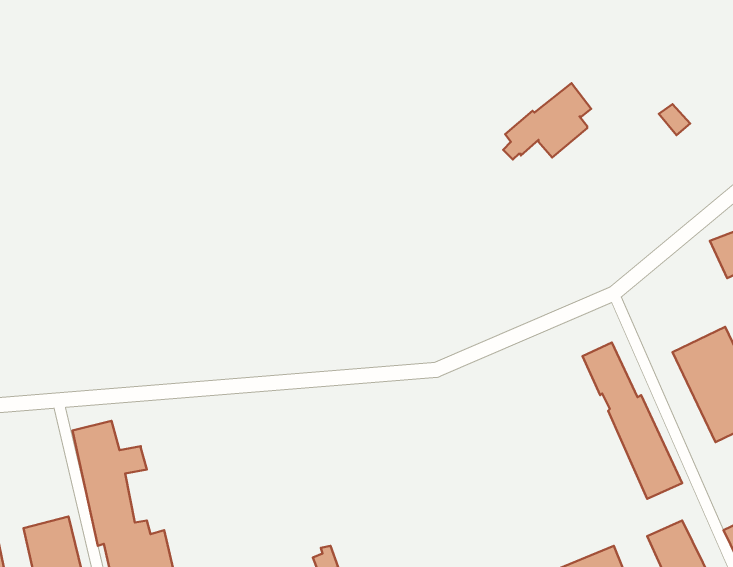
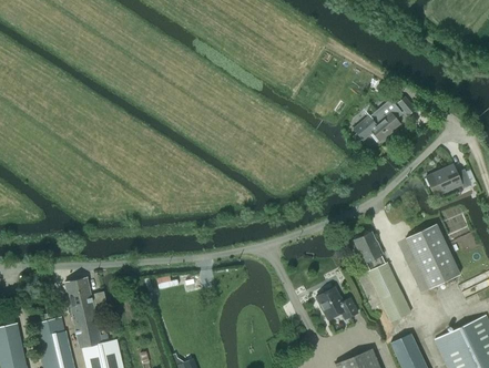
building: [503,83,591,160] -> [353,100,403,143]
building: none -> [316,287,358,319]

